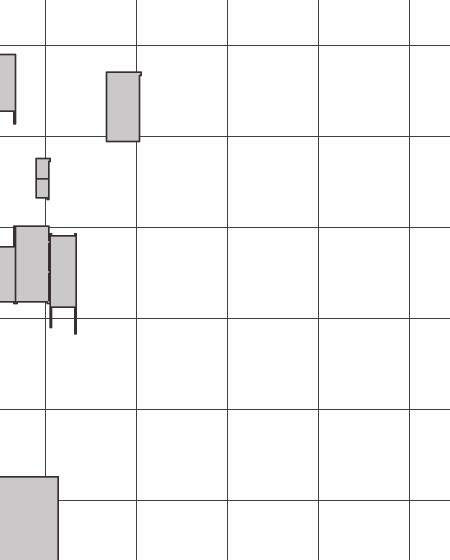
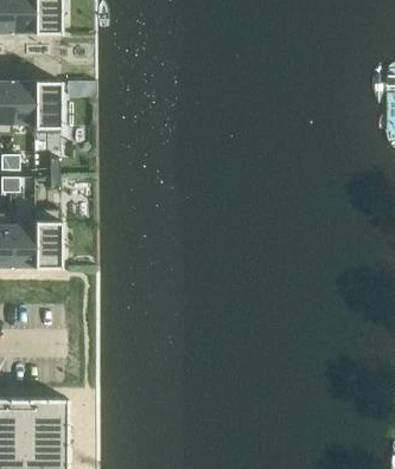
building: [106,72,141,142] -> [36,81,62,133]
building: [50,234,76,334] -> none

